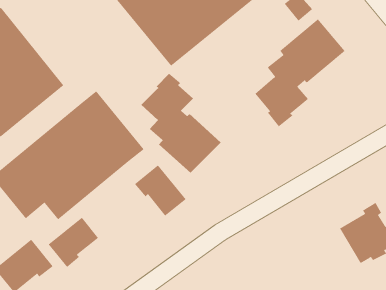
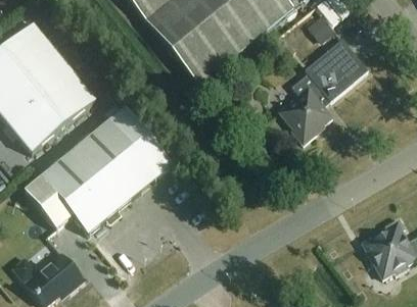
building: [141,73,222,174] -> none
building: [134,165,187,217] -> none
building: [48,217,99,268] -> none

